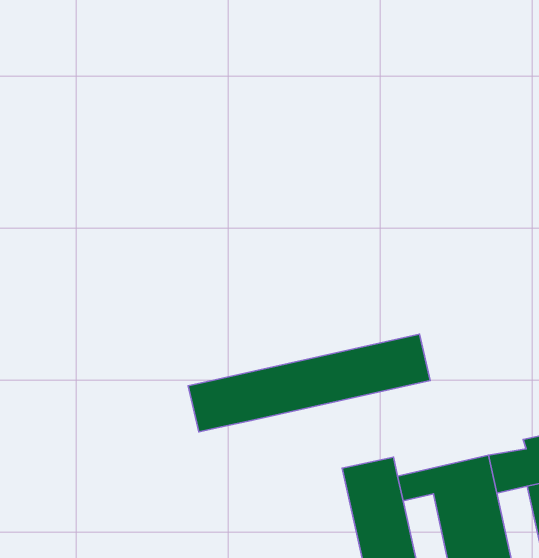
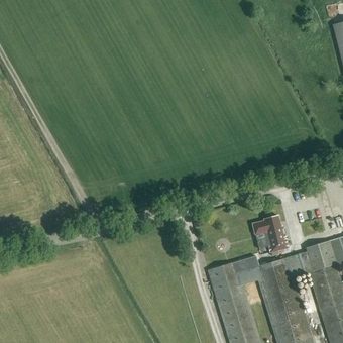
building: [188,334,430,432] -> none
building: none -> [252,215,288,251]

